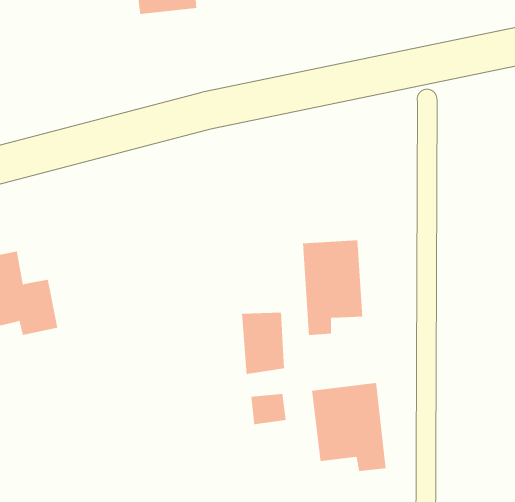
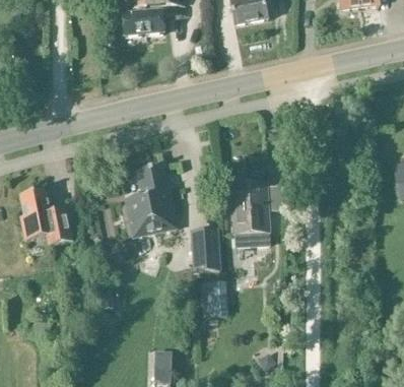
building: none -> [126,166,177,236]
building: [312,382,386,472] -> none

